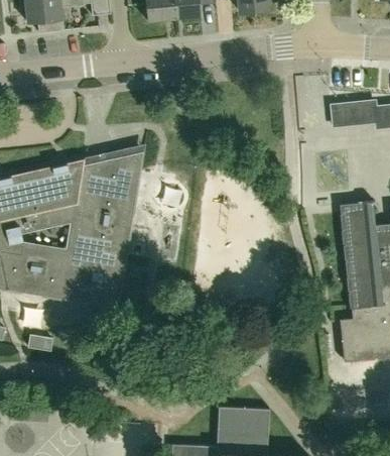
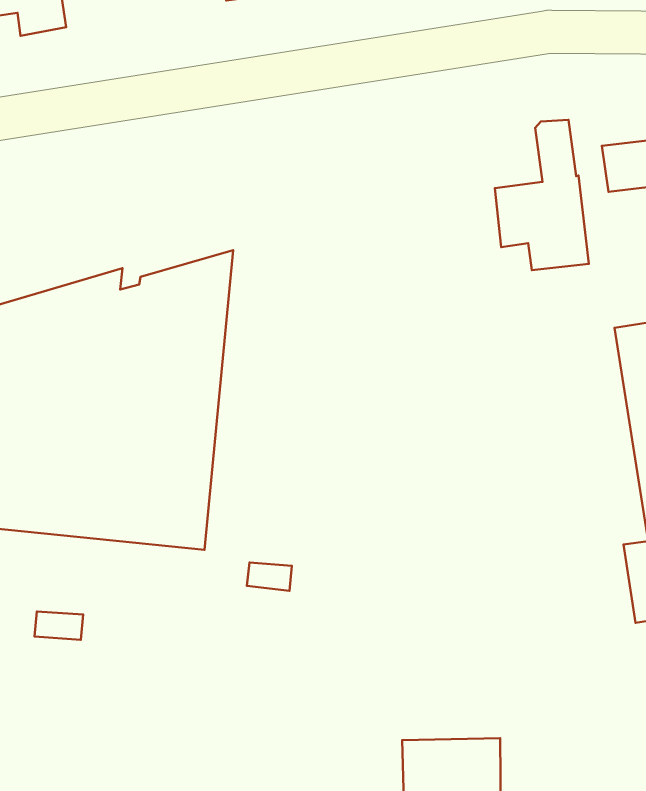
building: none -> [495,120,589,270]

